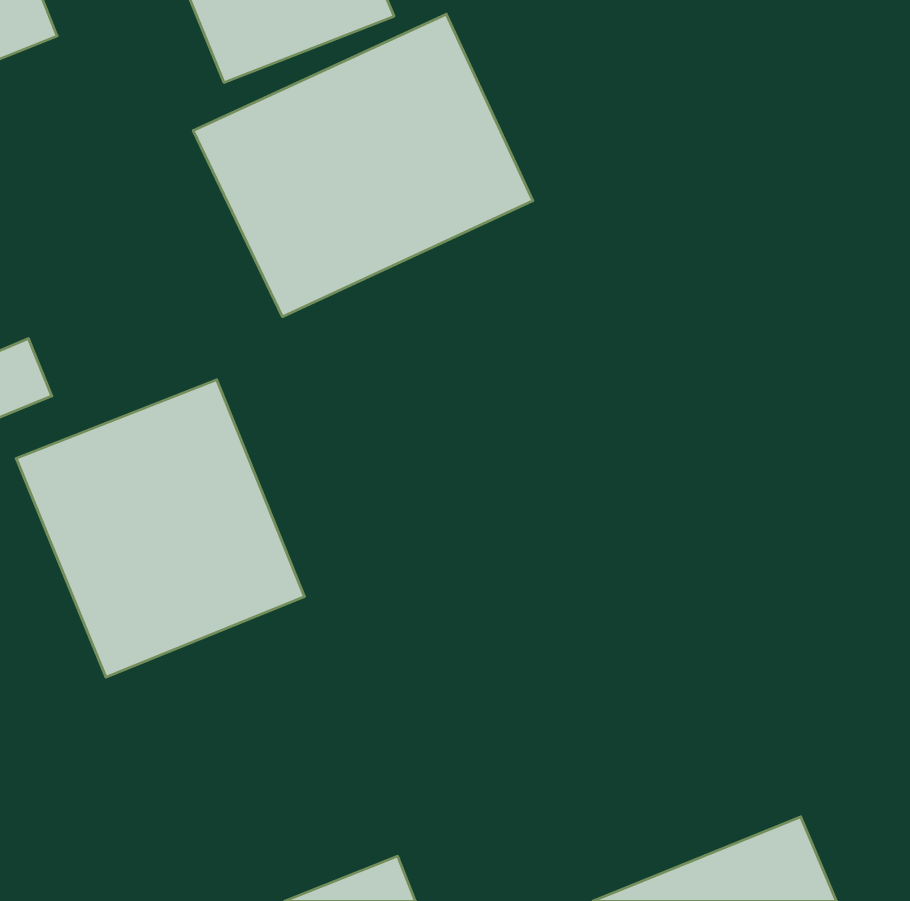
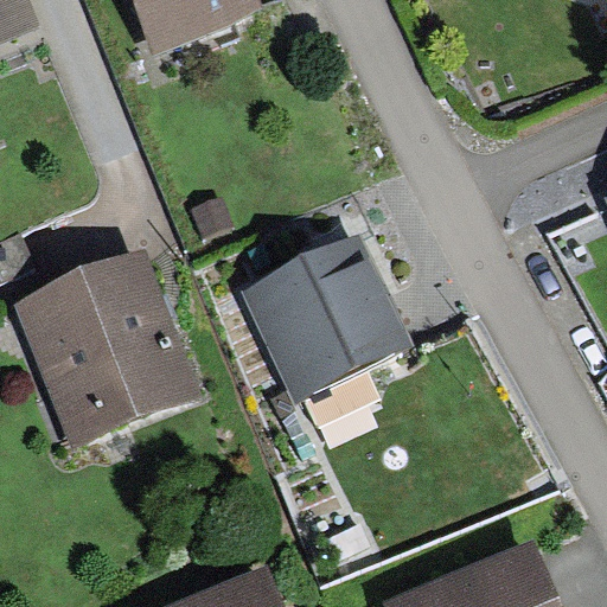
building: [193,14,533,317] -> none
building: none -> [239,235,413,403]

